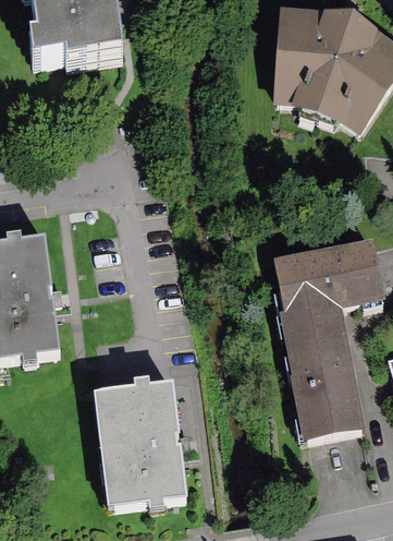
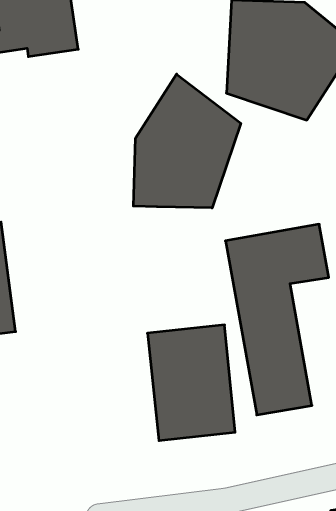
building: none -> [133,74,241,208]
building: [96,384,187,505] -> [147,325,235,441]

